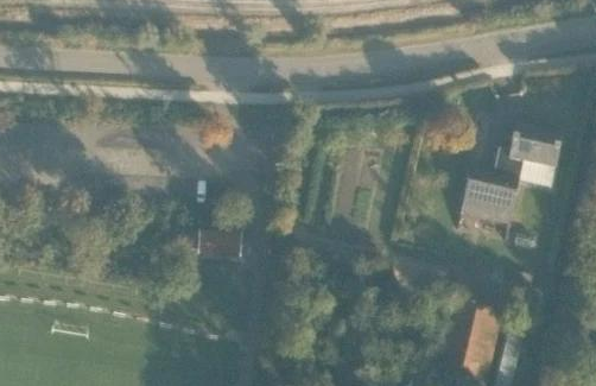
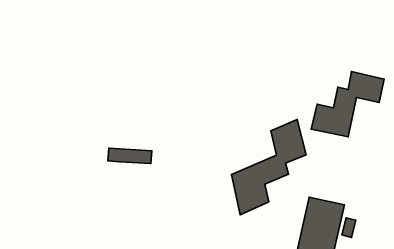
building: none -> [231,119,306,215]

